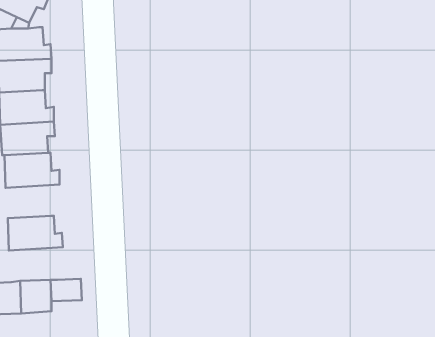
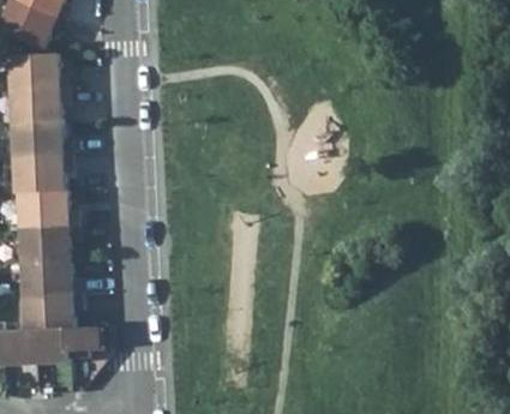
building: none -> [17,223,76,259]
building: none -> [20,290,79,328]

